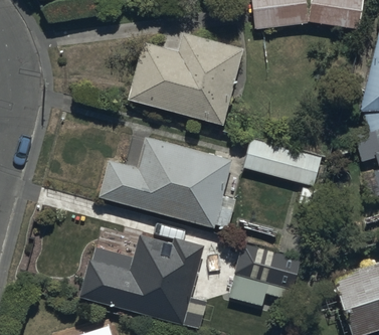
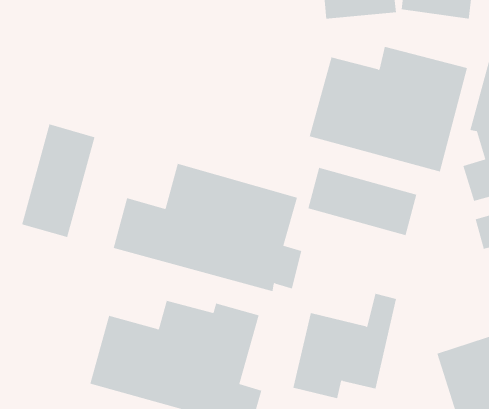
building: [127,32,243,125] -> [309,46,468,172]
building: none -> [22,124,95,238]

